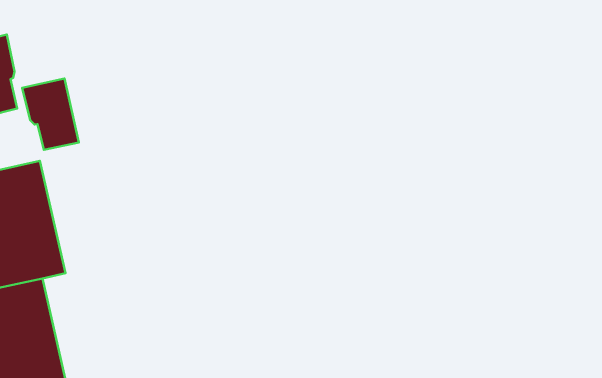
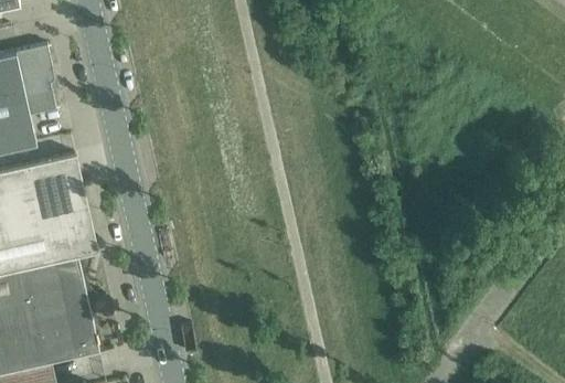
building: [22,79,79,150] -> none

